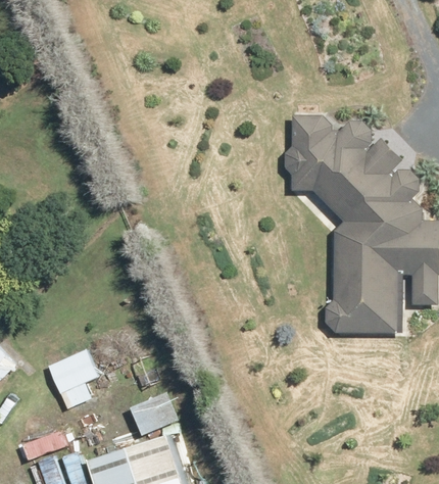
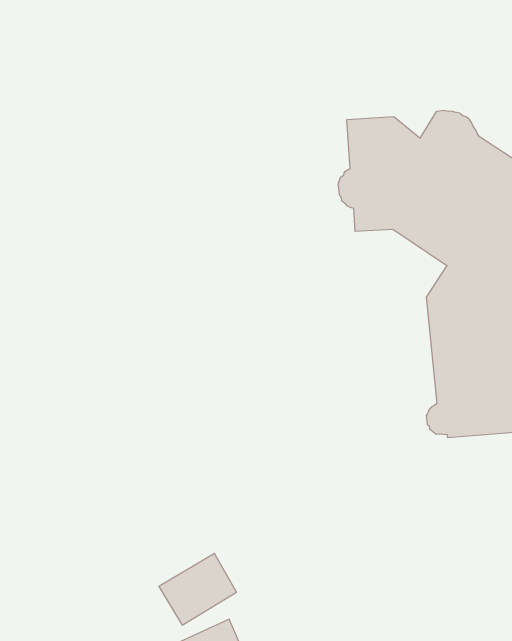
building: [47,349,97,412] -> none

